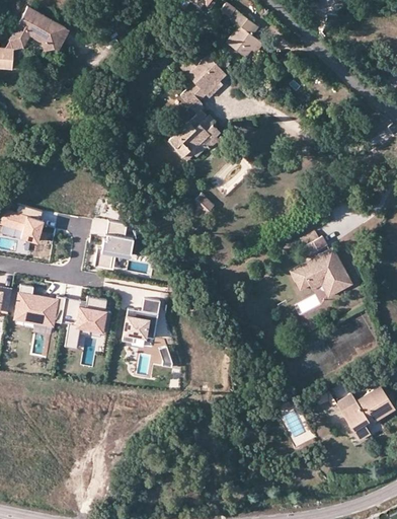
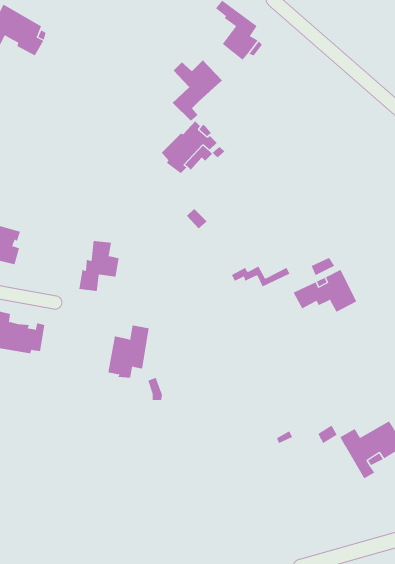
building: [299,277,352,296] -> [231,266,290,287]
building: [61,297,110,350] -> none

